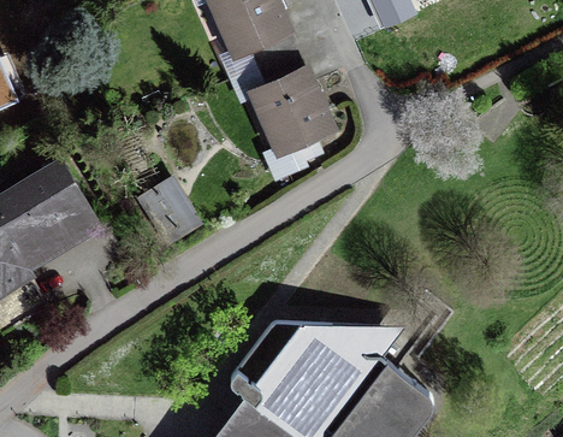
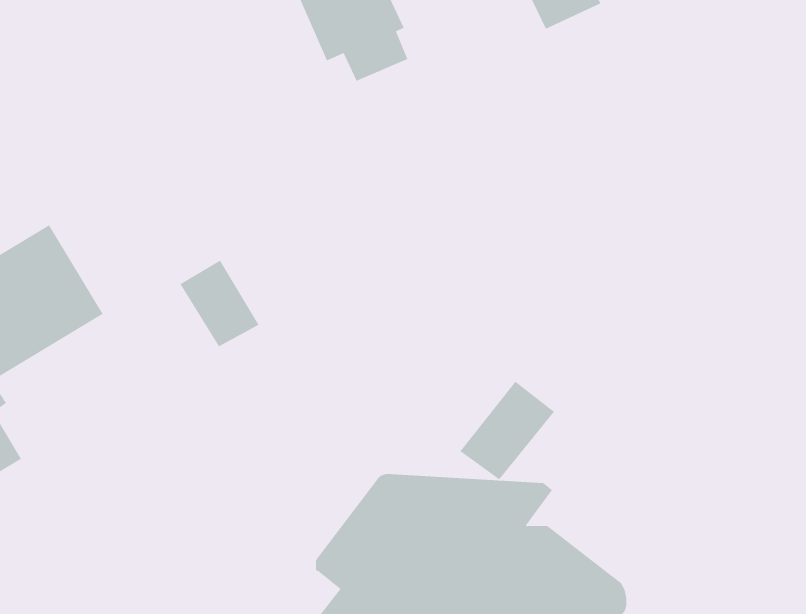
building: [255,53,332,150] -> none
building: none -> [459,381,555,480]

